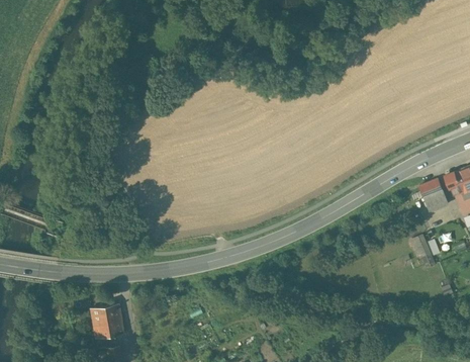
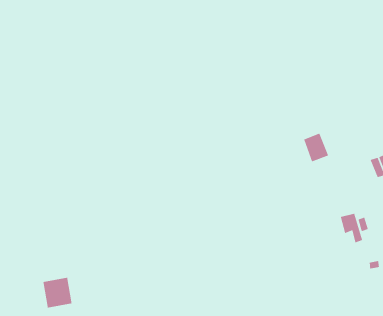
building: [419,179,448,211] -> [303,133,329,162]

